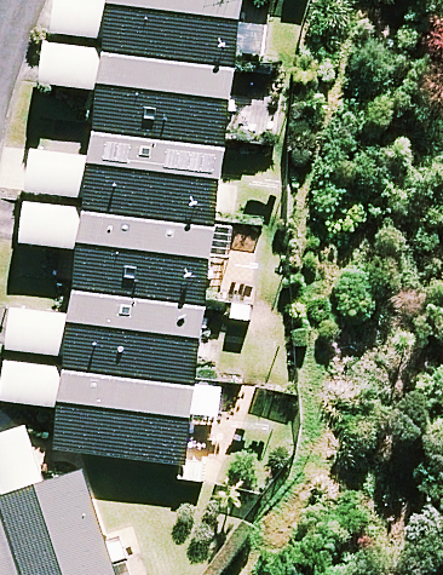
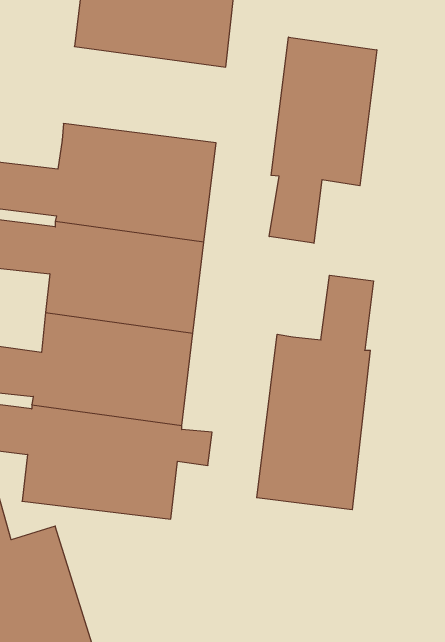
building: none -> [269,37,377,243]
building: [90,48,232,133] -> none
building: none -> [257,275,373,510]

